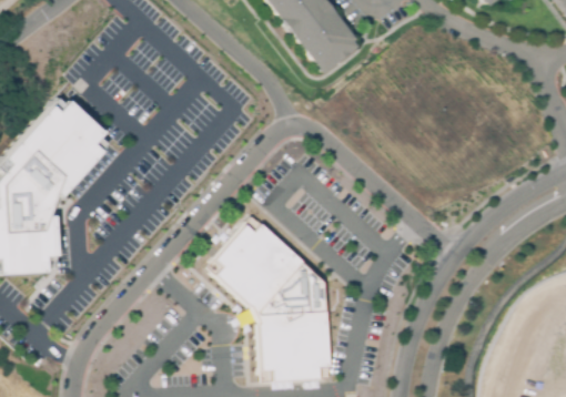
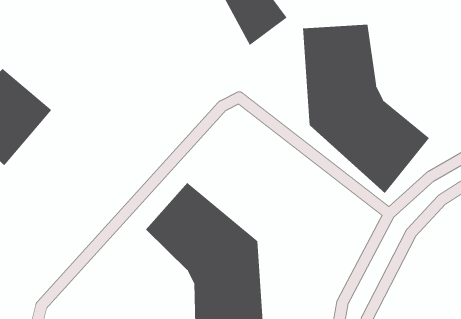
building: none -> [303,24,430,194]

